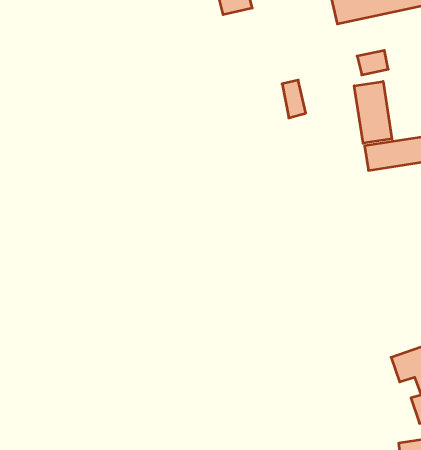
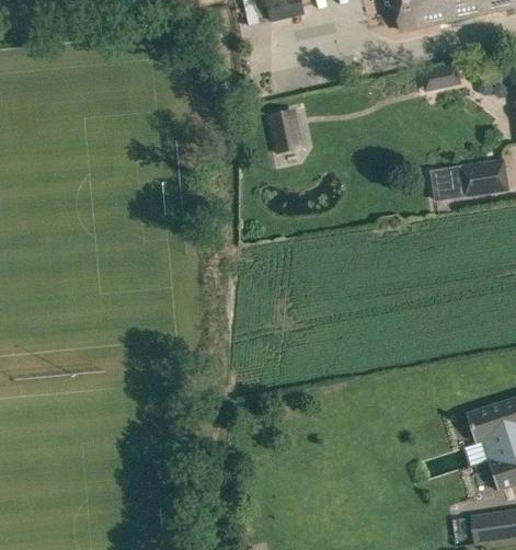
building: [282,80,306,118] -> [273,108,300,152]
building: [354,81,392,143] -> none

